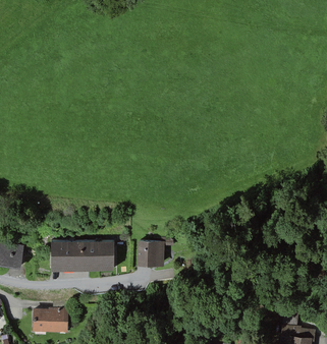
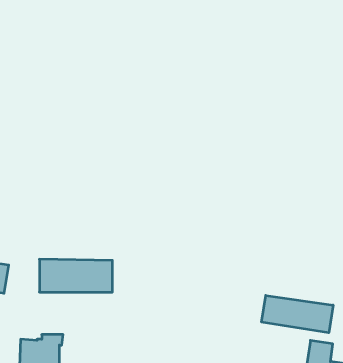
building: [137,240,173,265] -> none
building: none -> [262,295,333,333]

